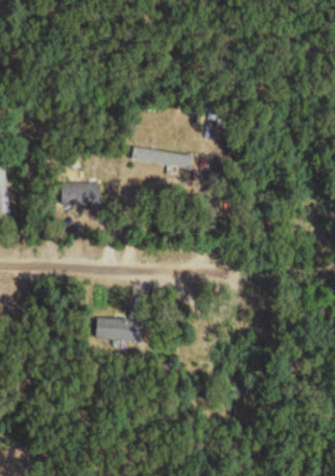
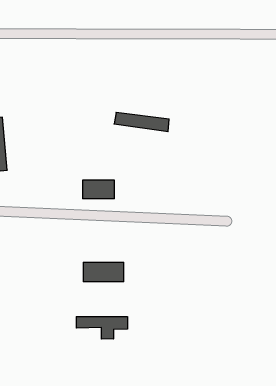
building: [63,185,99,206] -> [83,180,114,199]
building: none -> [76,317,127,339]

